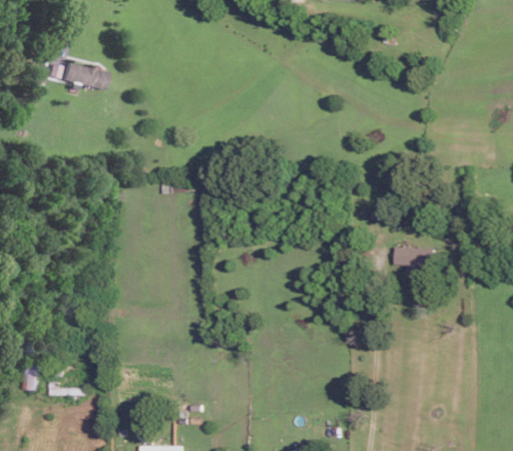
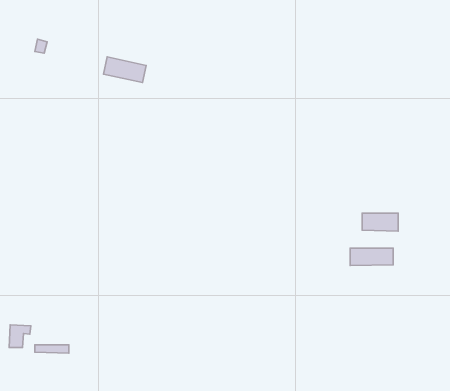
building: [62,62,107,89] -> [104,57,146,83]
building: none -> [350,248,393,266]

